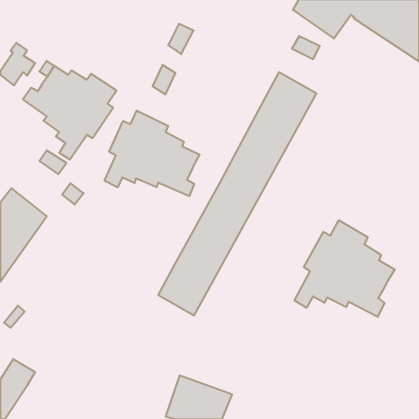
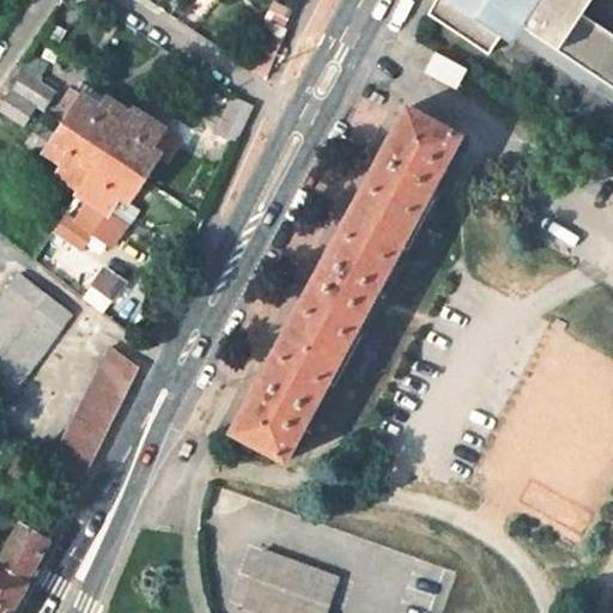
building: [105,111,199,196] -> none
building: [295,220,395,317] -> none
building: none -> [49,347,138,486]

